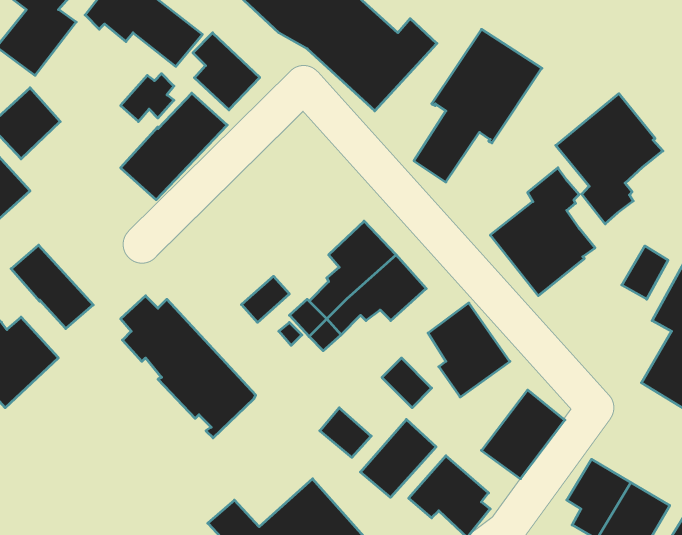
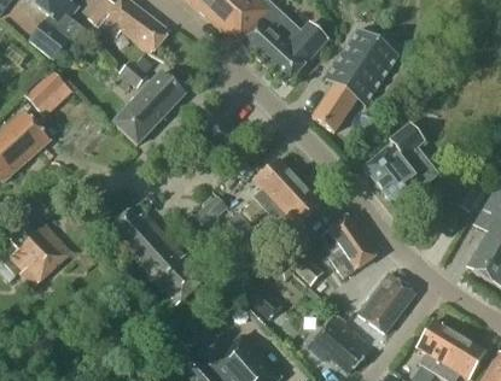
building: [193,33,260,110] -> none
building: [556,94,663,224] -> none
building: [11,245,93,329] -> none
building: [360,419,436,497] -> none

